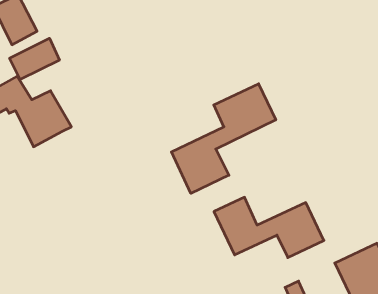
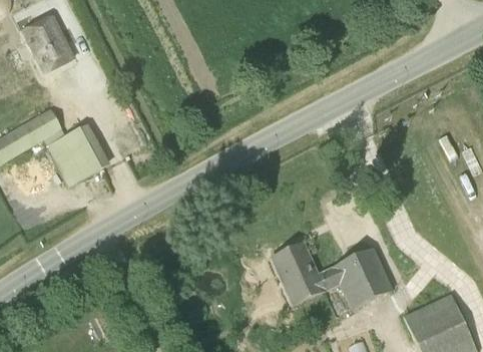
building: [10,38,59,79] -> none
building: [171,84,276,193] -> none

